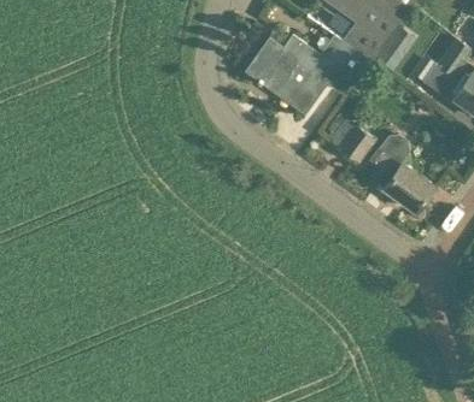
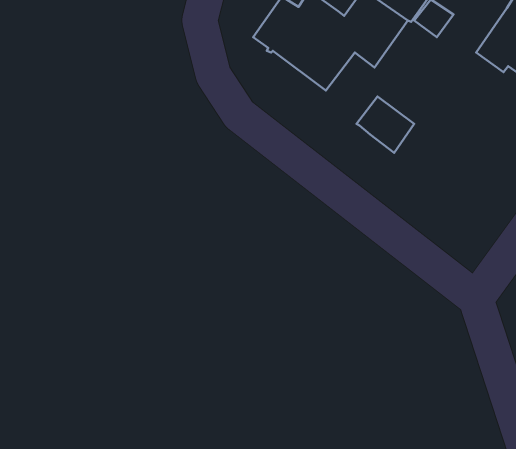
building: [368,135,434,213] -> none

